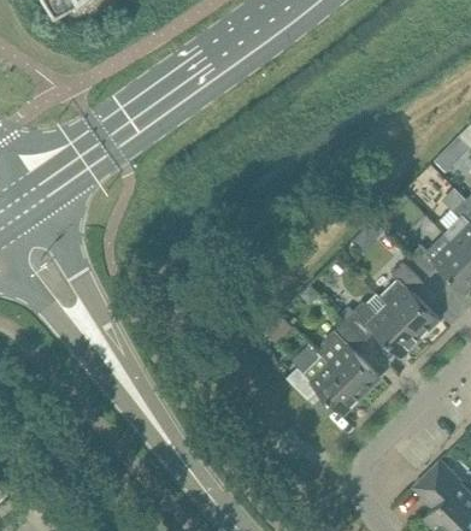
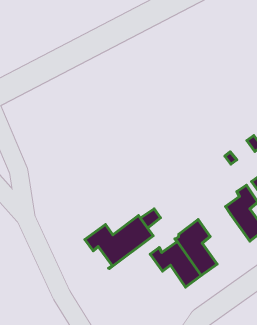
building: [341,300,420,356] -> none
building: none -> [85,215,153,268]

